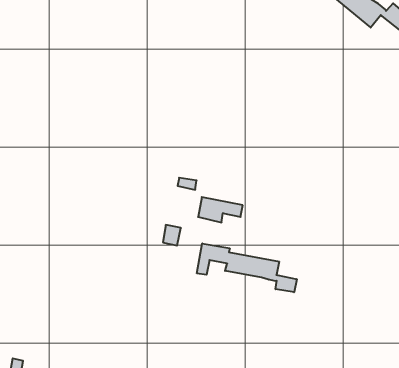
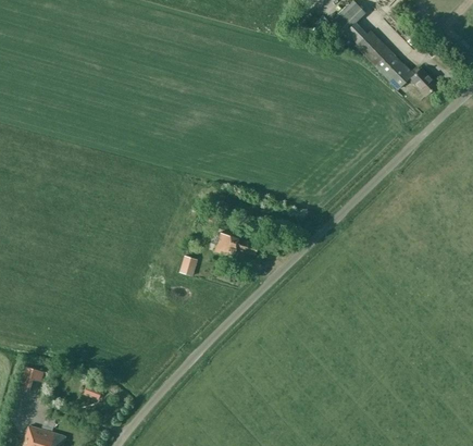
building: [197,243,297,292] -> none

